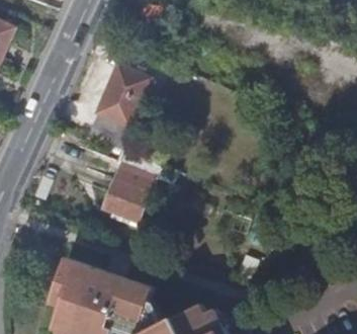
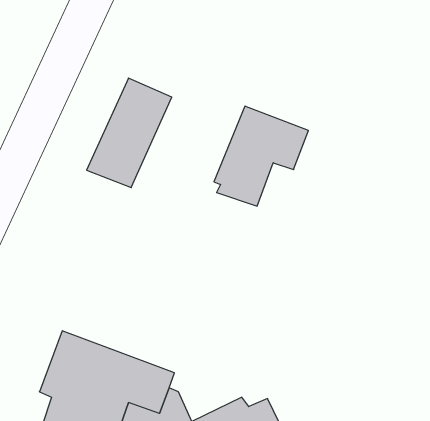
building: [99,154,170,229] -> [214,106,308,206]

